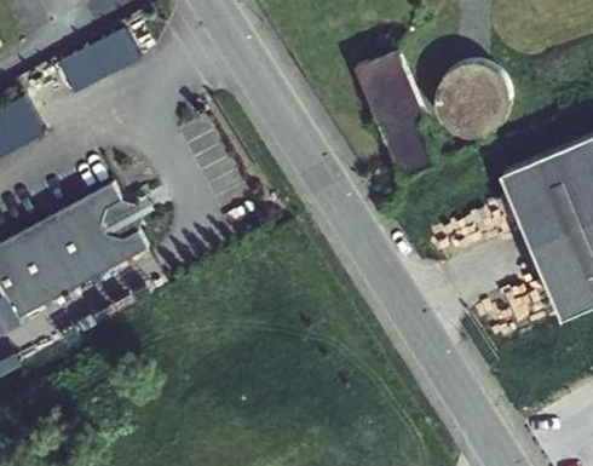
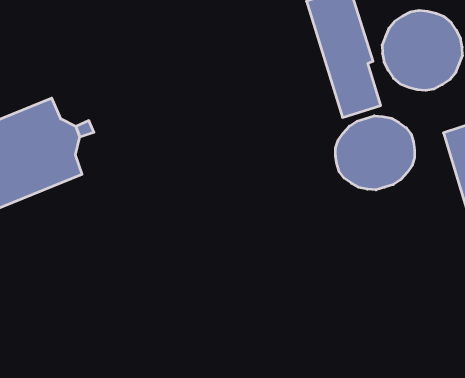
building: none -> [336,116,415,190]

